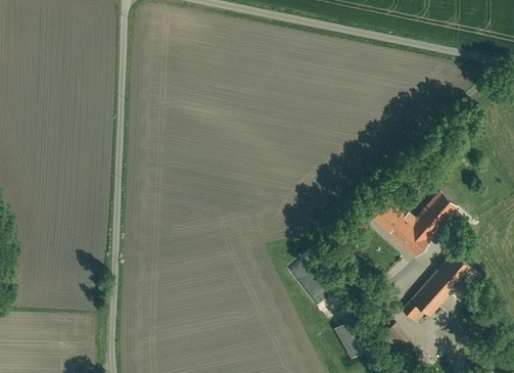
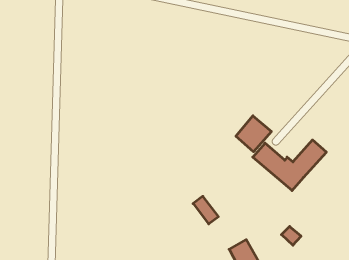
building: none -> [236,116,271,152]
building: [414,253,479,313] -> none

